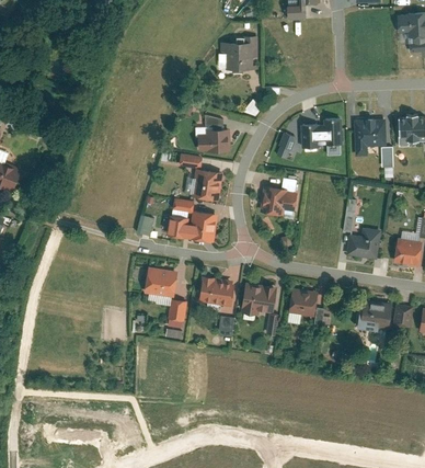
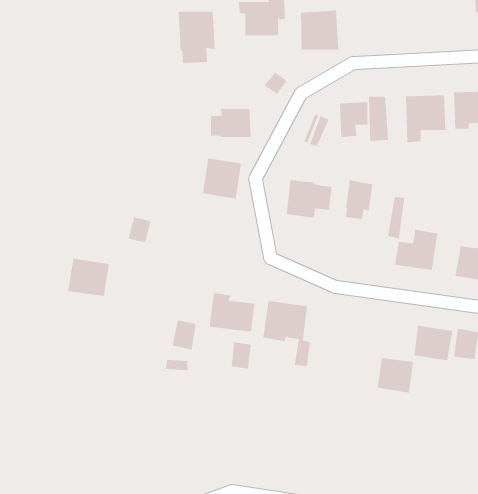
building: none -> [301,10,339,50]
building: none -> [178,11,215,64]
building: none -> [345,180,373,220]
building: [166,198,217,242] -> none
building: [143,266,177,297] -> [67,258,110,297]
building: [288,289,318,318] -> [377,358,414,393]

